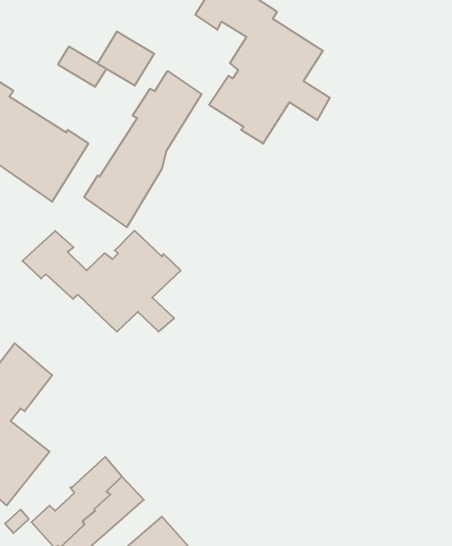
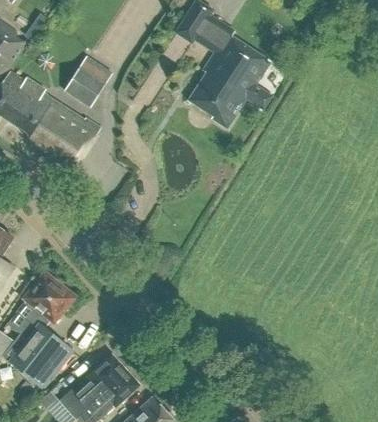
building: [97,32,154,86] -> [64,70,105,109]
building: [84,71,202,227] -> none
building: [22,231,181,332] -> none

